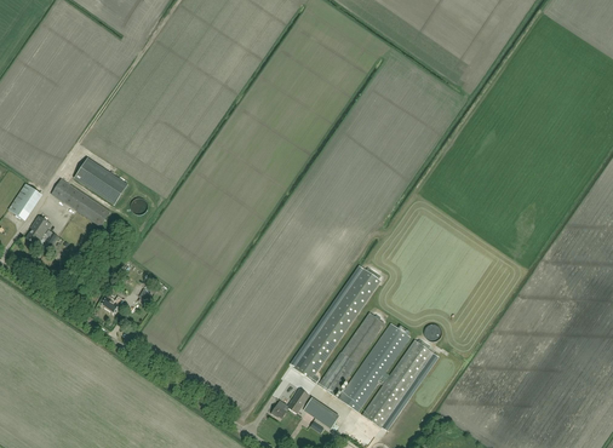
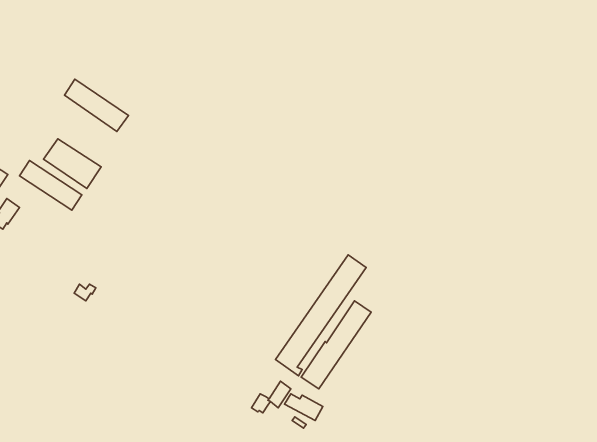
building: none -> [65,79,128,131]
building: [339,322,409,410] -> none
building: [362,339,434,427] -> none

